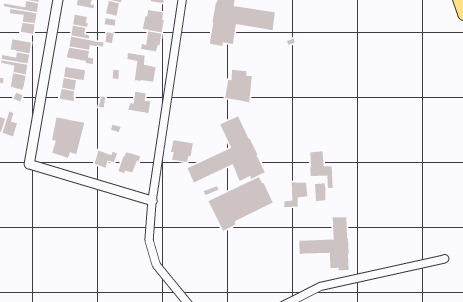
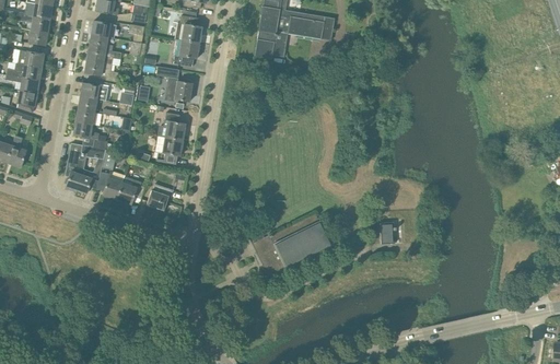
building: [224,69,253,103] -> none
building: none -> [72,121,117,152]
building: [187,115,266,184] -> none
building: none -> [96,166,125,199]
building: [170,139,194,163] -> [154,134,183,163]
building: [310,151,334,189] -> none
building: [283,181,308,208] -> none
building: [298,216,350,271] -> none

